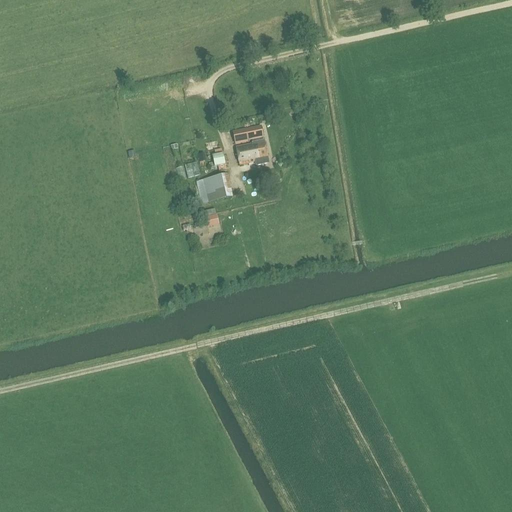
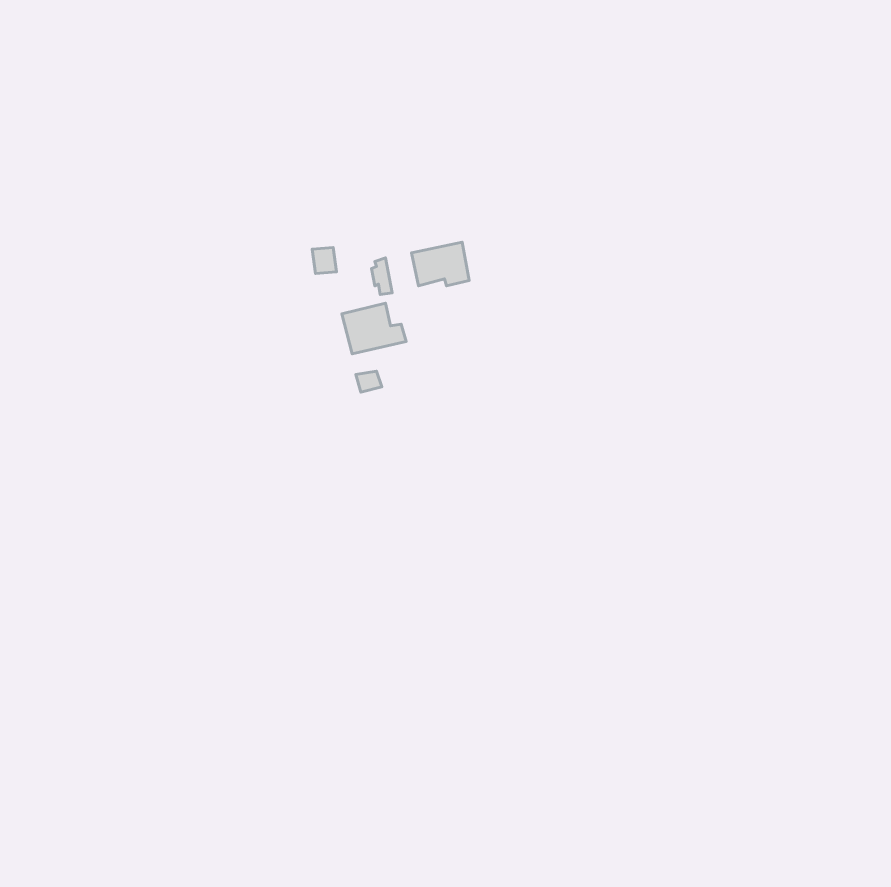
building: [232,124,264,143] -> none

